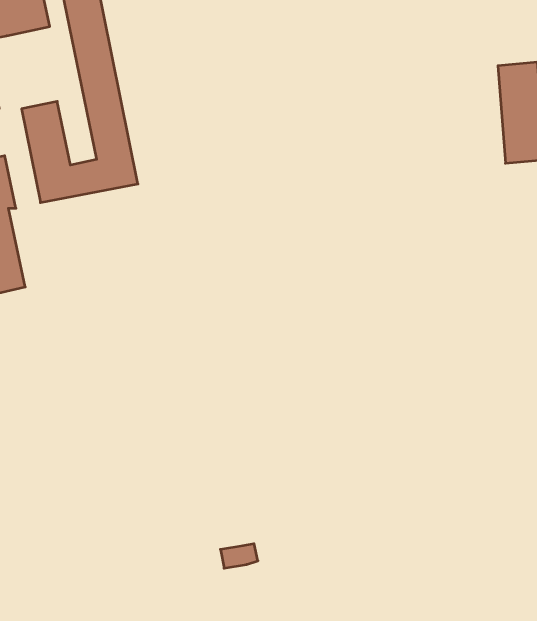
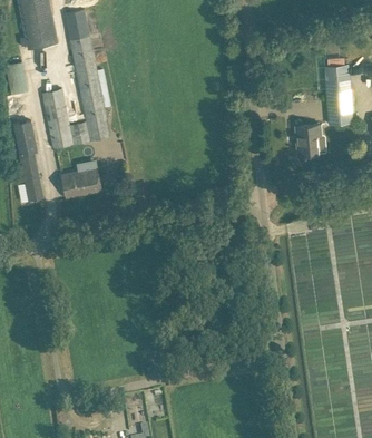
building: none -> [297,124,321,155]
building: none -> [62,168,101,197]

